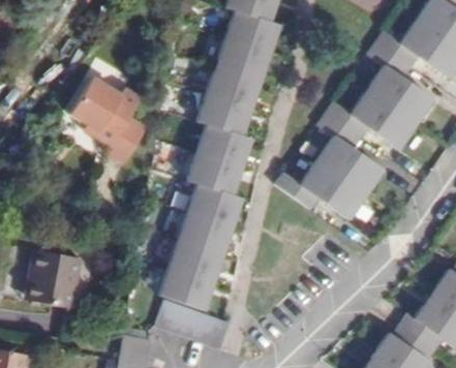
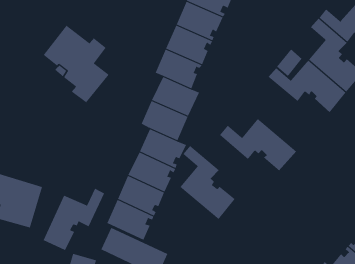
building: [317,114,382,194] -> [179,145,235,220]
building: none -> [43,188,105,251]

